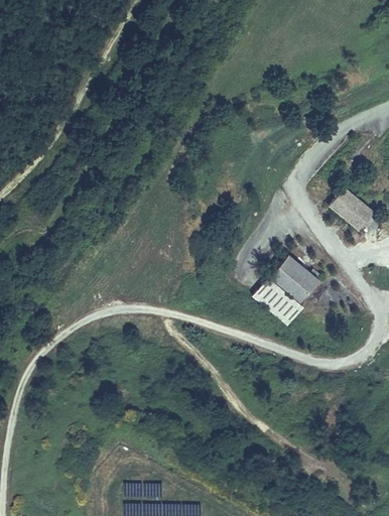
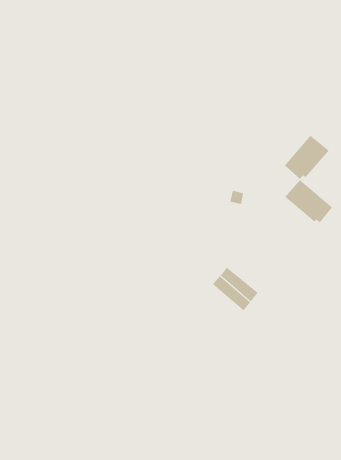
building: none -> [284,135,329,179]
building: [269,253,320,304] -> none

